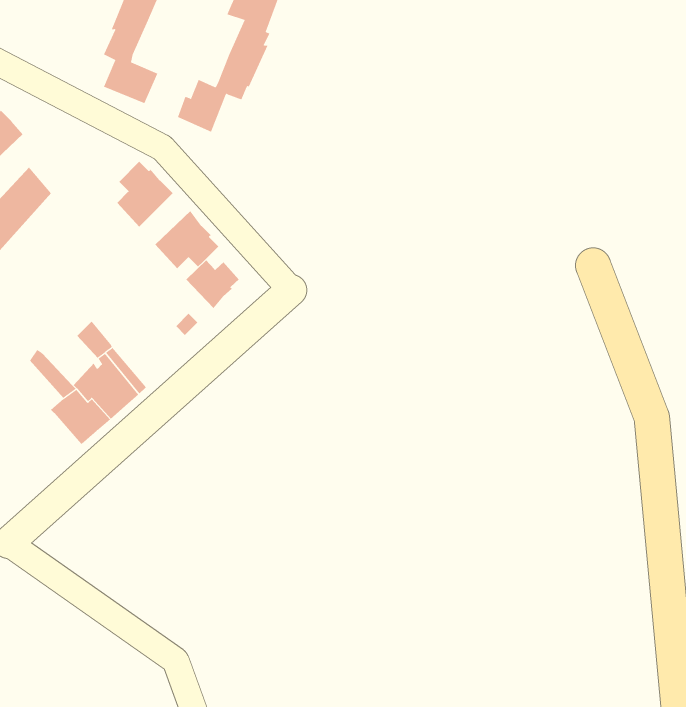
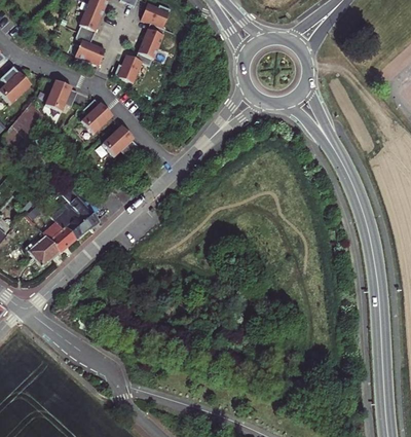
building: none -> [44,79,77,111]
building: [186,259,240,309] -> none
building: none -> [29,234,62,265]

